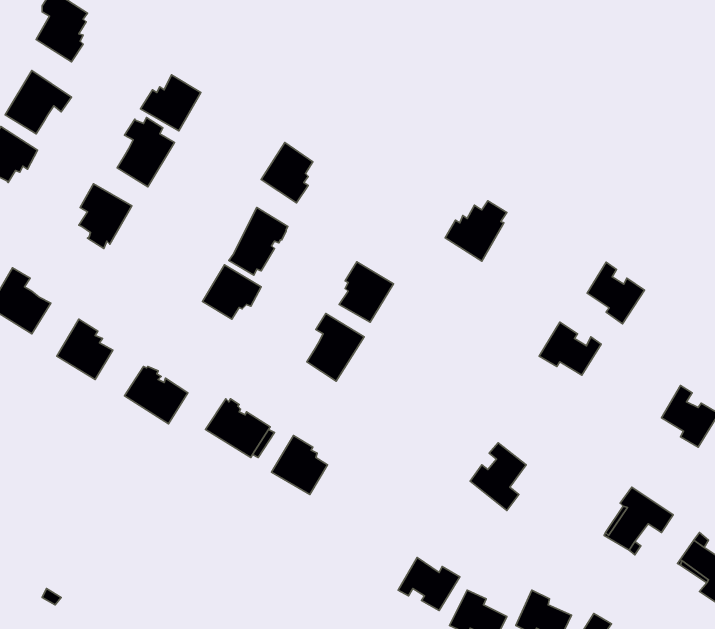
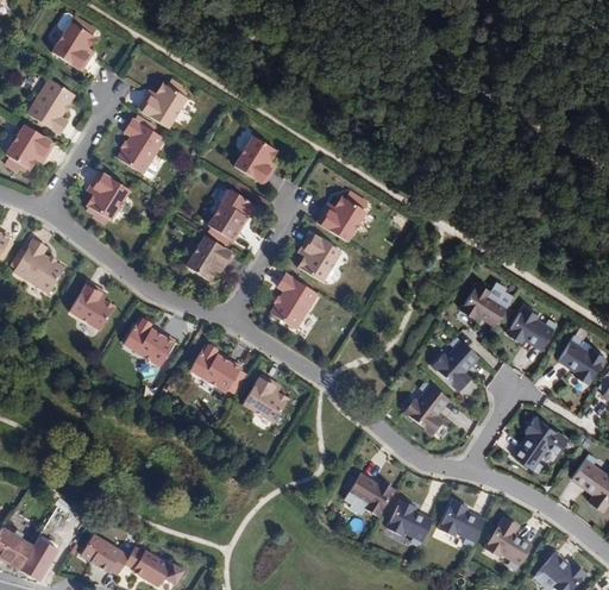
building: [445,201,507,261] -> [318,193,368,241]
building: [587,262,645,324] -> [510,301,557,351]
building: none -> [432,335,478,390]

